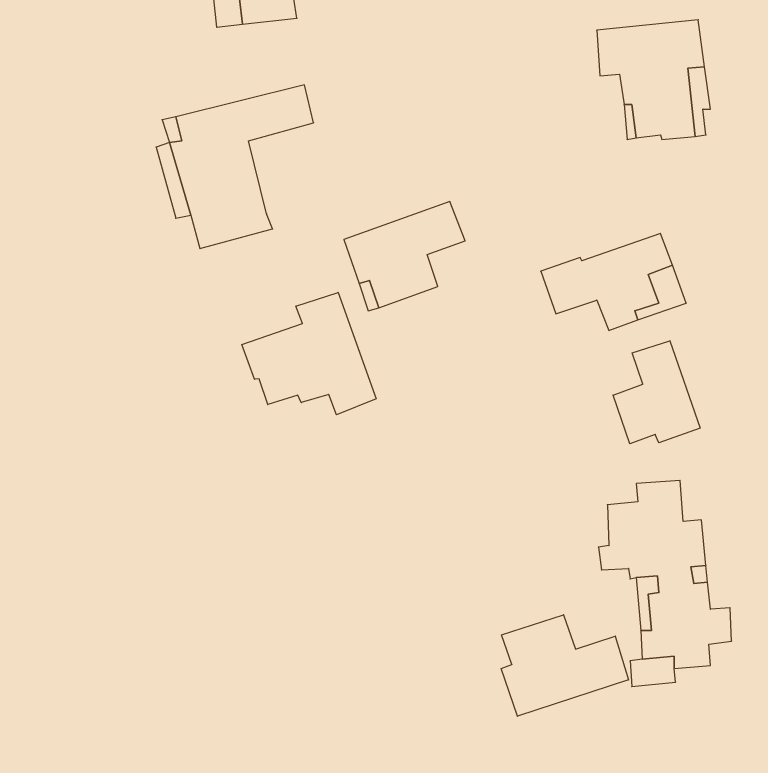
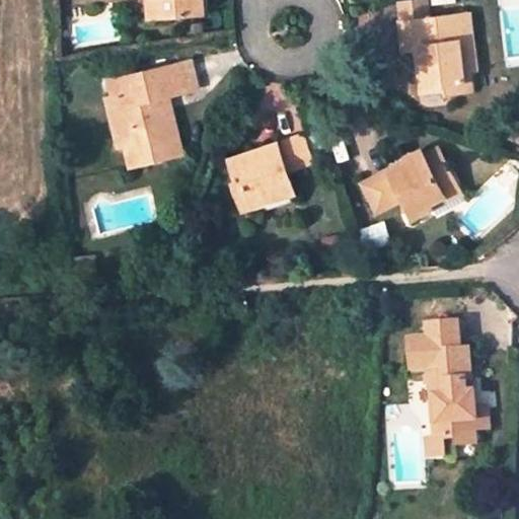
building: [242,292,376,415] -> none
building: [613,341,700,444] -> none
building: [501,615,629,716] -> none

